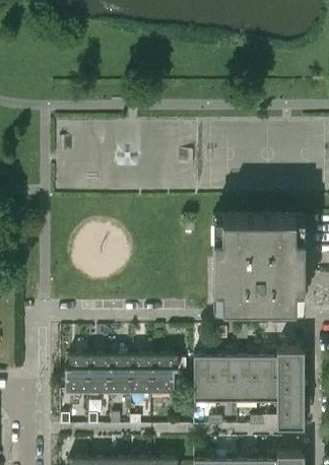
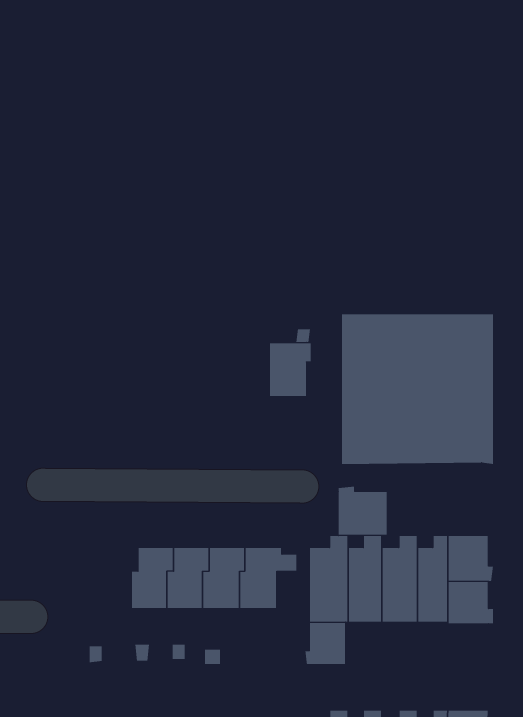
building: none -> [269,342,311,397]
building: none -> [338,486,387,536]
building: [65,357,90,394] -> none
building: none -> [305,622,345,665]
building: [276,403,304,427] -> none

